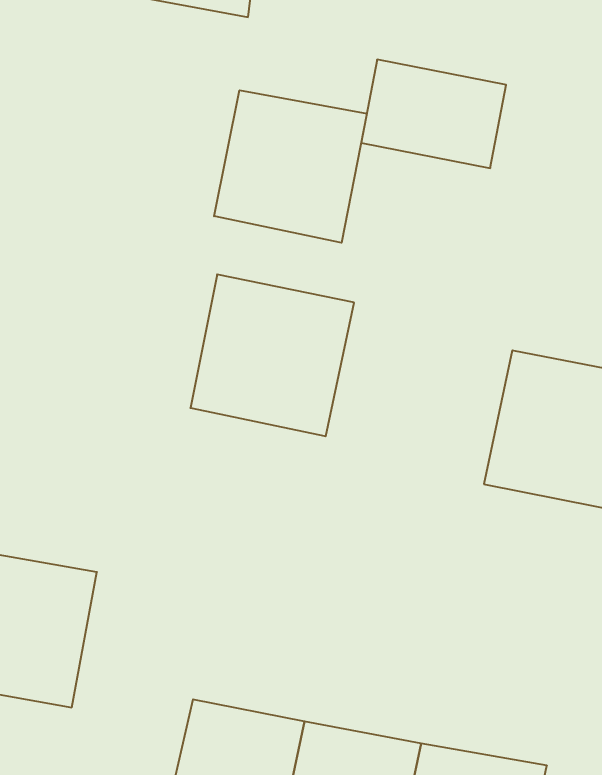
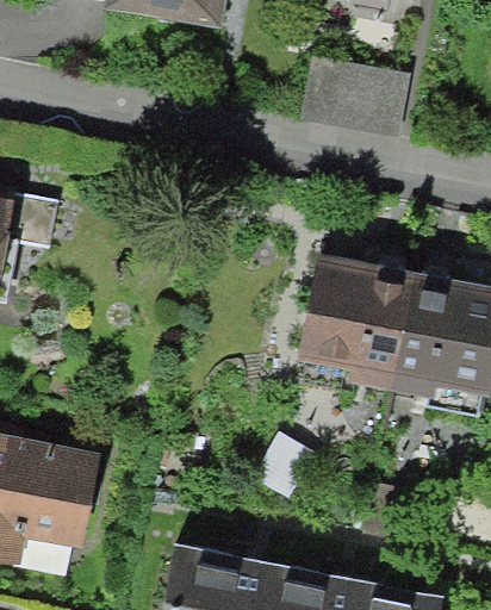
building: [214,90,367,243] -> none
building: [190,274,354,436] -> [292,257,416,380]

